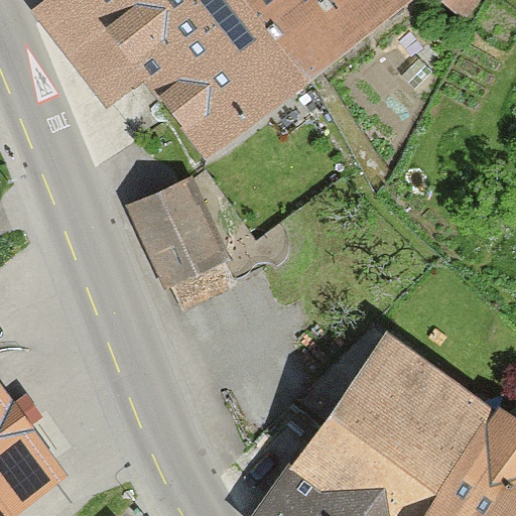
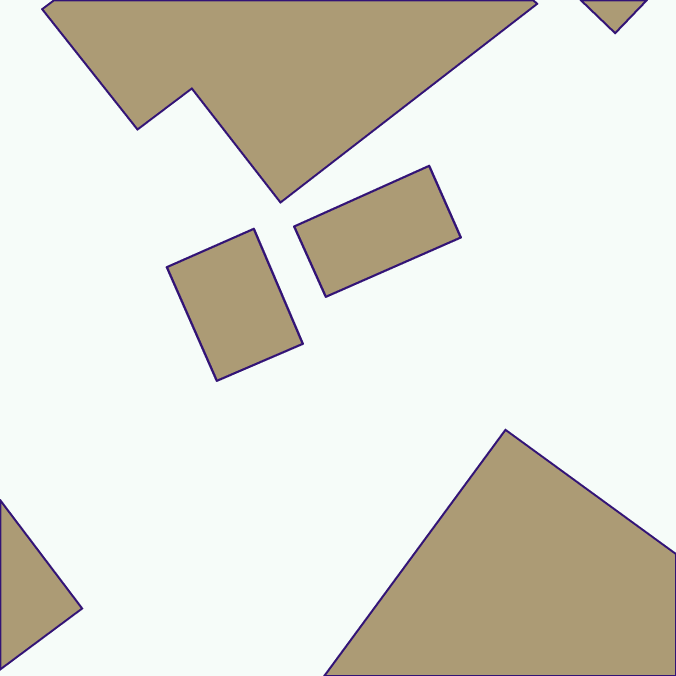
building: none -> [294,166,461,297]

